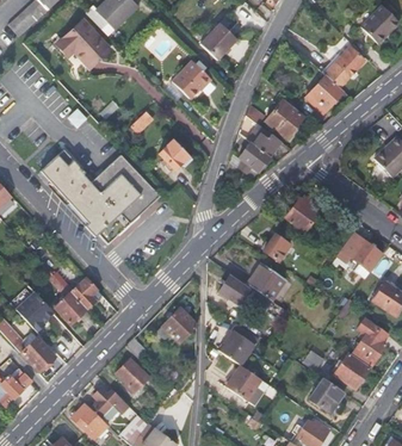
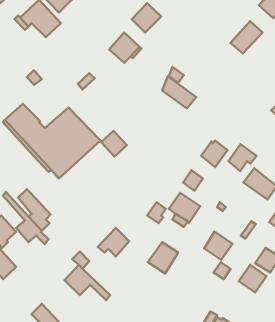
building: [305,75,344,113] -> none
building: [264,100,303,140] -> none
building: [236,134,270,174] -> none
building: [157,138,190,171] -> [101,131,127,156]
building: none -> [229,144,257,171]
building: [227,365,262,399] -> none
building: [310,377,346,413] -> [204,231,233,260]
building: [94,386,132,419] -> none

